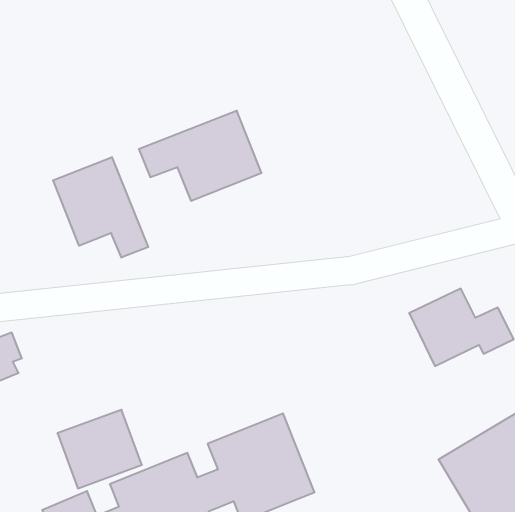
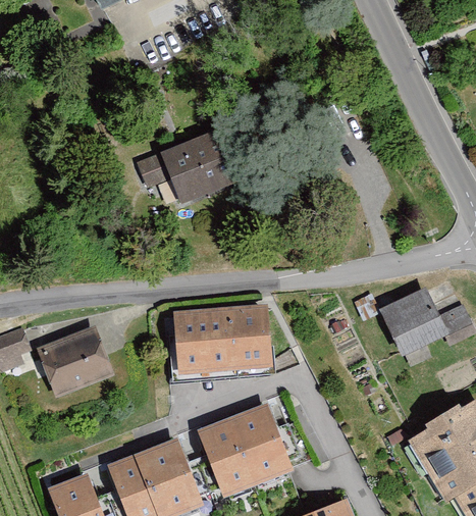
building: [53,157,148,258] -> none
building: none -> [171,303,276,377]
building: [57,410,142,488] -> [38,326,114,398]

